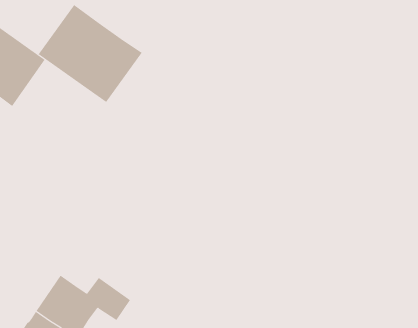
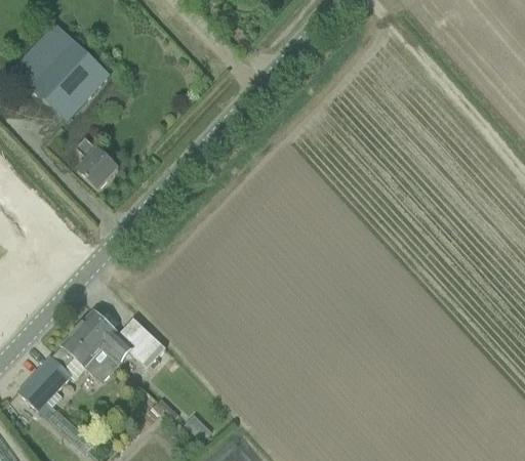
building: [38,4,142,103] -> none
building: none -> [77,136,119,190]

